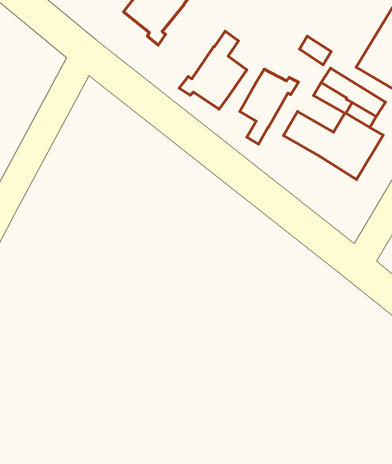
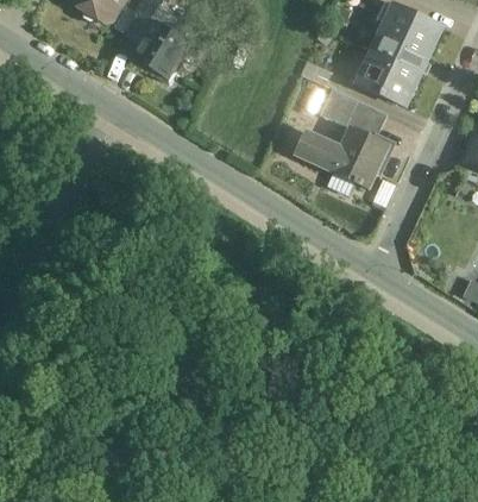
building: [179,31,247,109] -> none
building: [240,69,299,144] -> none

